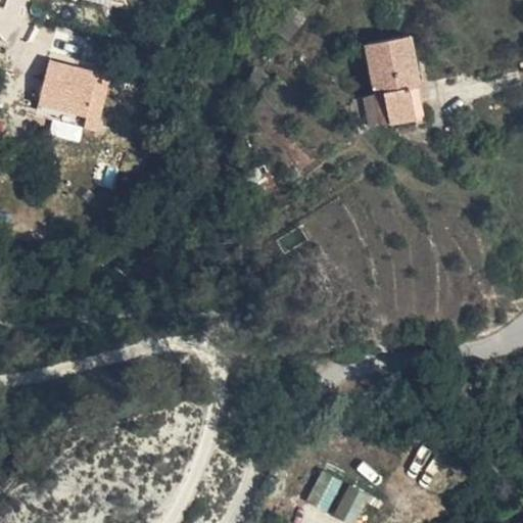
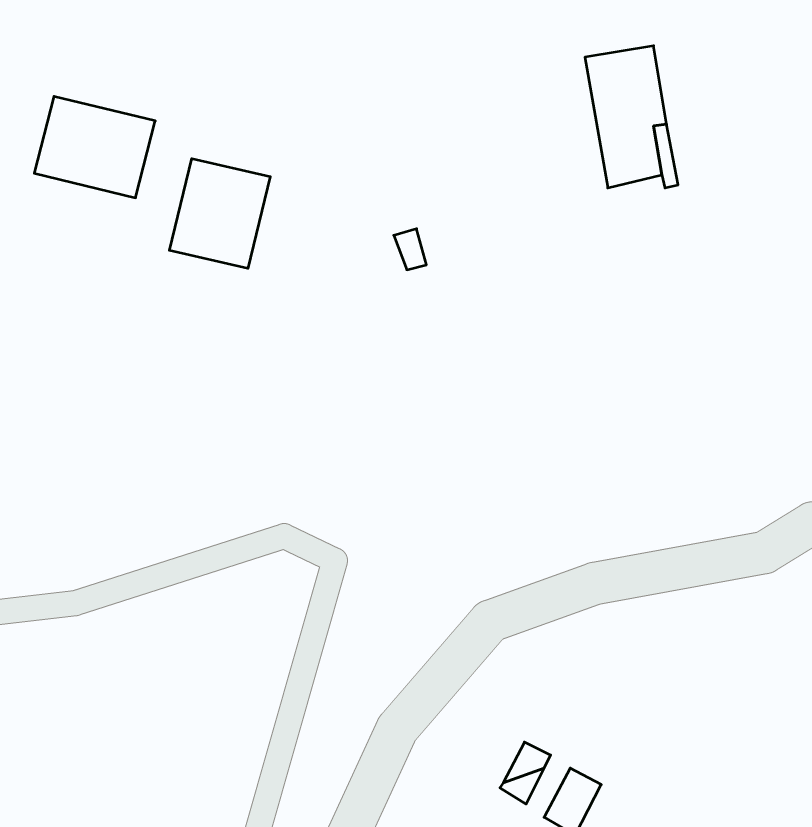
building: none -> [169,159,270,268]

